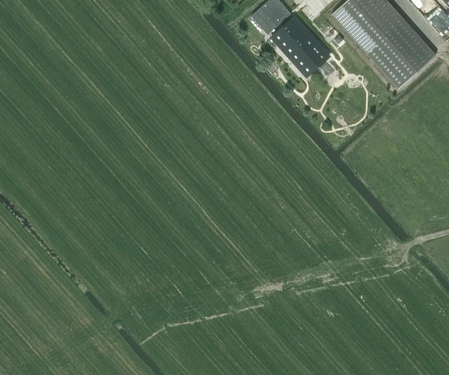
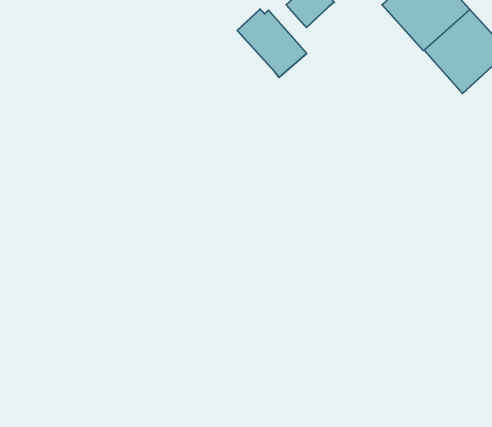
building: [270,20,328,77] -> [237,9,307,77]

